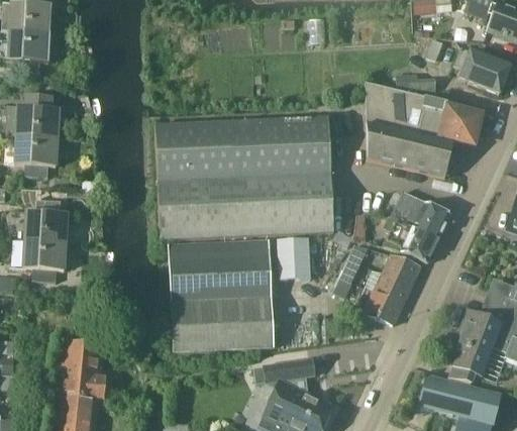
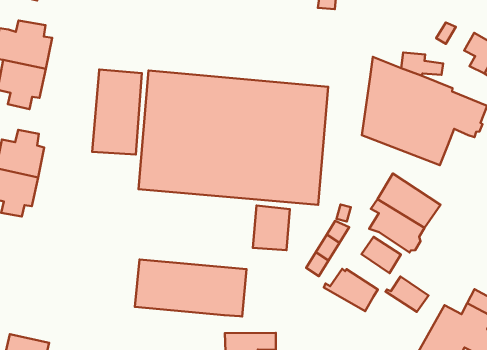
building: none -> [92,69,142,155]
building: [169,239,275,306] -> none
building: [370,272,411,303] -> [386,277,429,312]
building: [59,340,105,399] -> none

